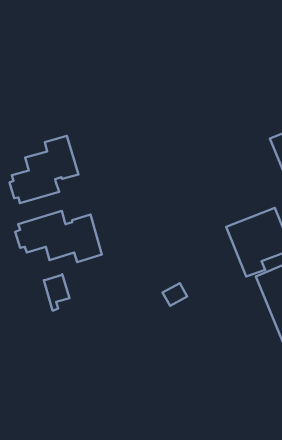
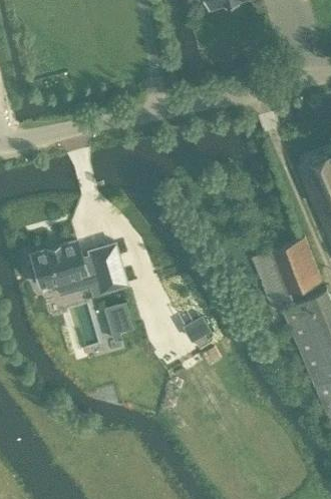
building: [9,136,78,203] -> none
building: [44,274,70,310] -> [105,304,132,342]

